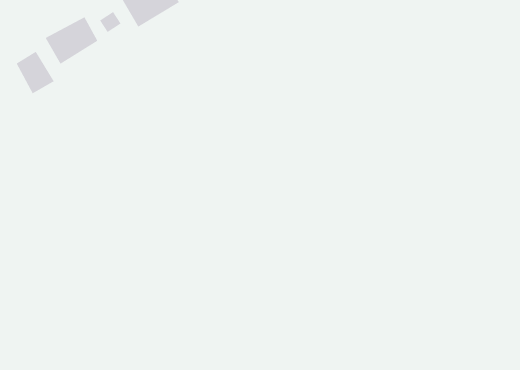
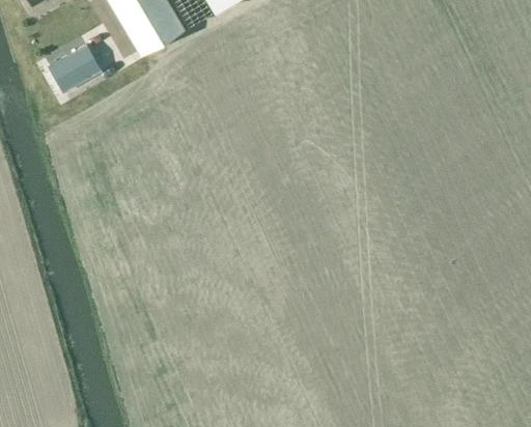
building: [16,51,55,94] -> none

